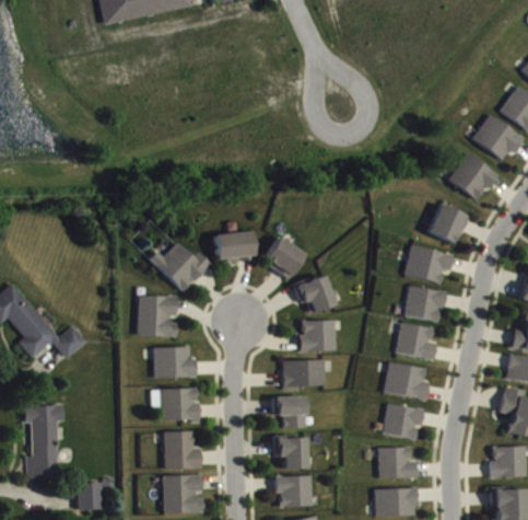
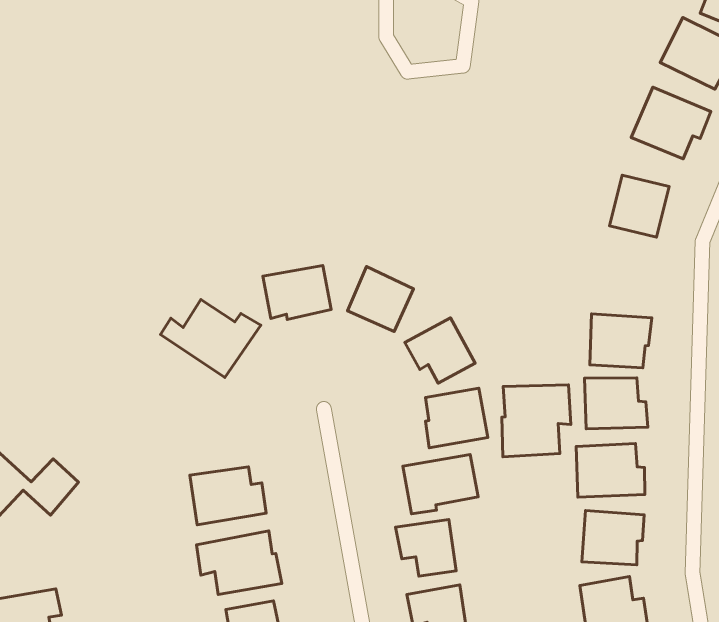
building: [406,244,454,284] -> none
building: [138,294,177,337] -> none
building: none -> [502,385,571,457]

